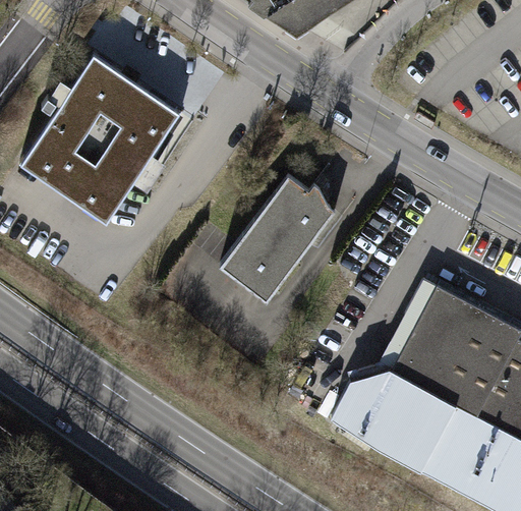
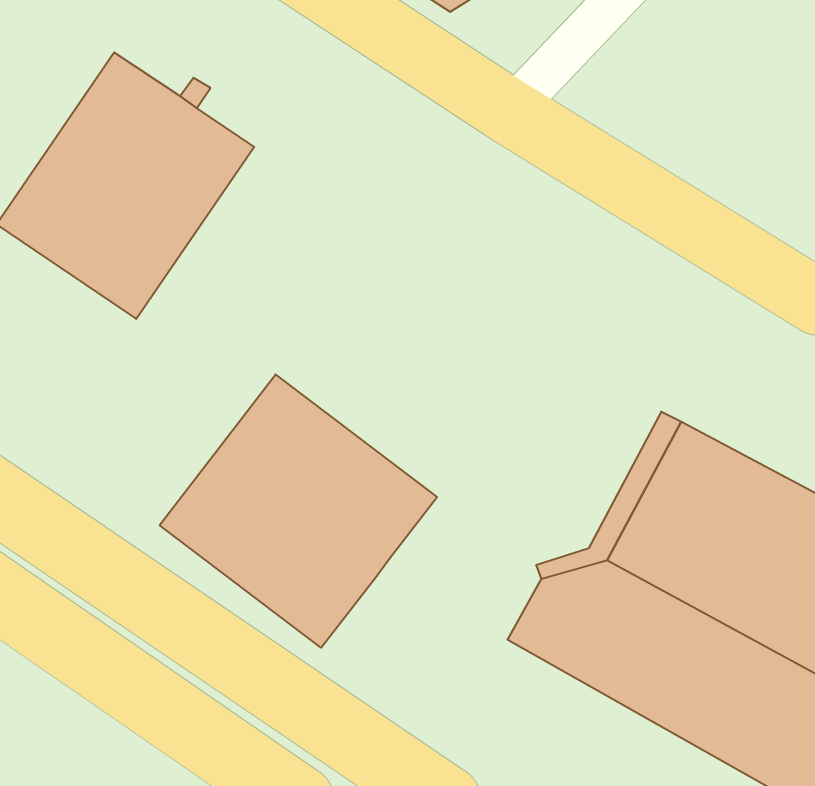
building: [222,176,335,299] -> none
building: none -> [160,374,437,648]

